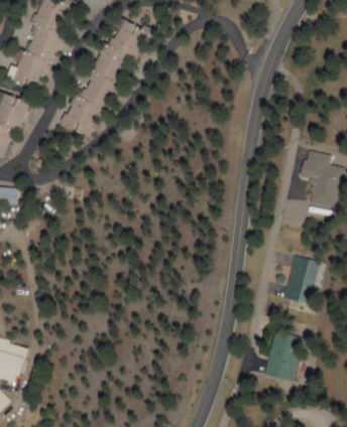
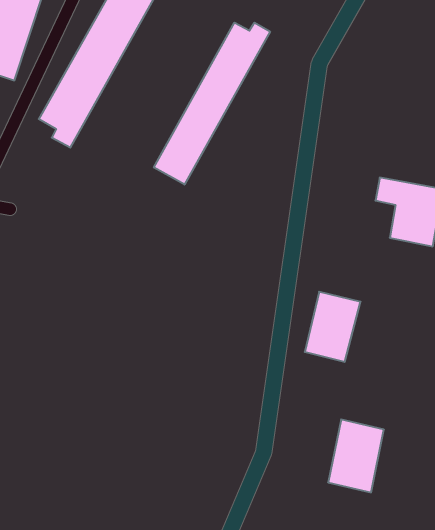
building: none -> [154,23,270,185]
building: [283,255,323,304] -> [305,292,361,362]

